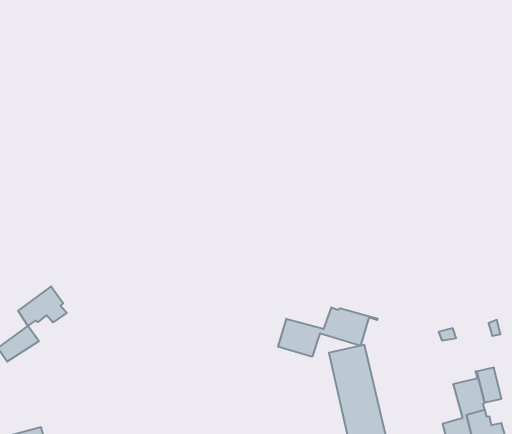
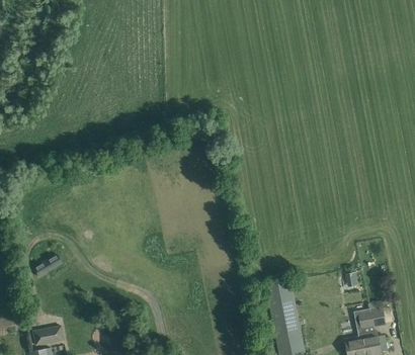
building: [18,286,67,326] -> none
building: [278,307,377,357] -> none

